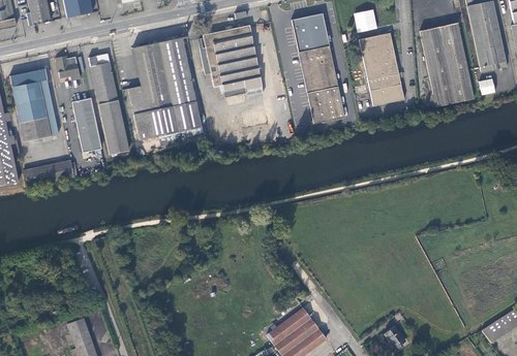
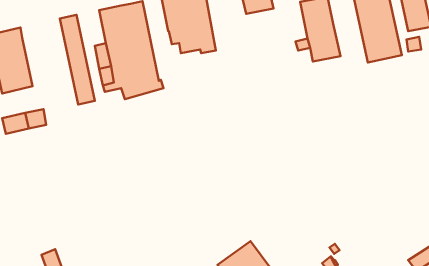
building: [298,45,343,123] -> none
building: [55,55,80,79] -> none
building: [71,97,101,152] -> none

